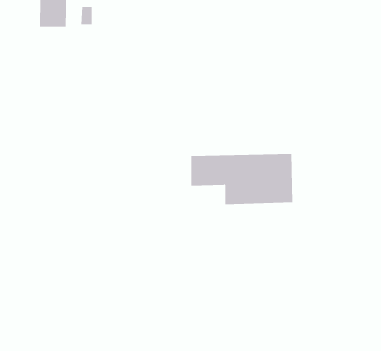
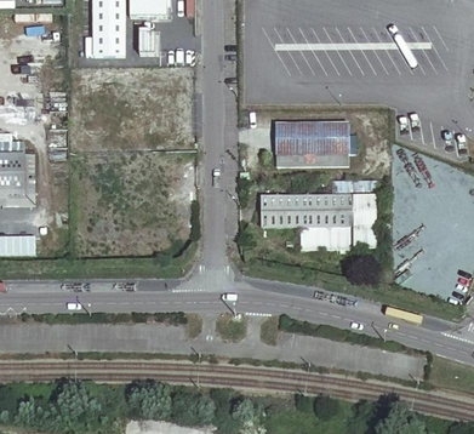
building: none -> [274,115,348,165]

